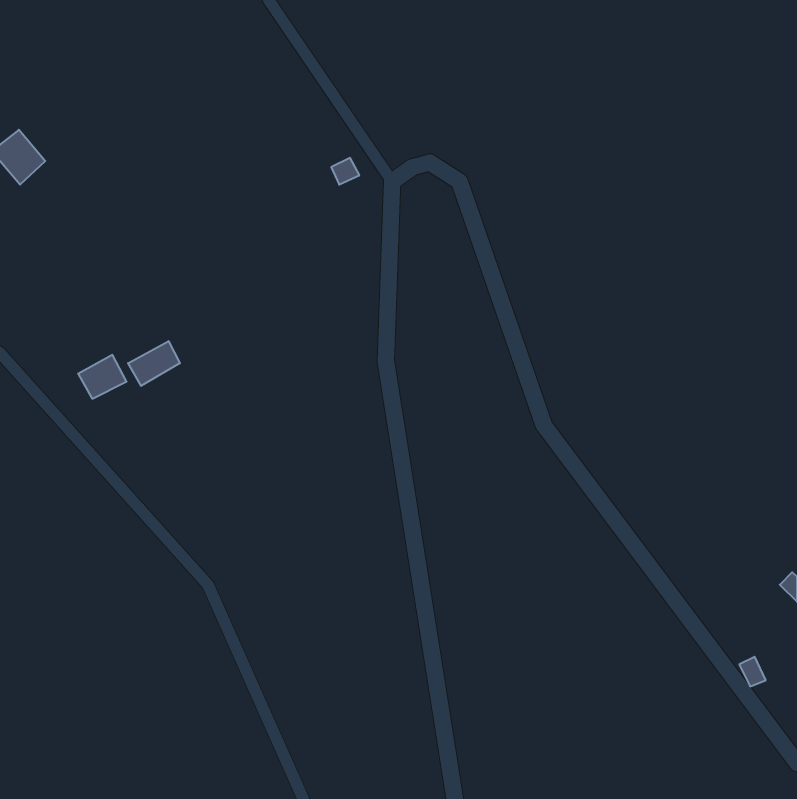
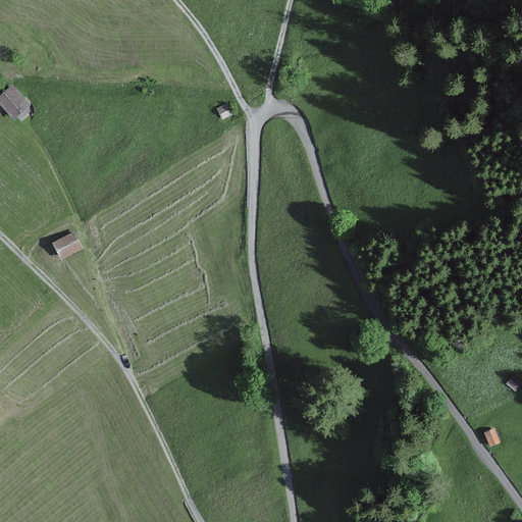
building: [128,341,180,386] -> none

